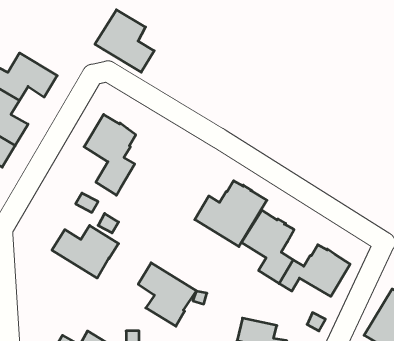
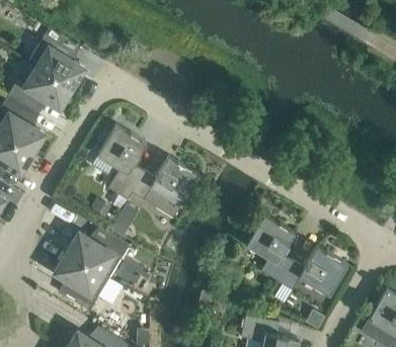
building: [95,10,154,72] -> [28,29,84,88]
building: [195,181,267,247] -> [132,157,200,219]
building: [138,263,196,326] -> [55,252,109,312]

